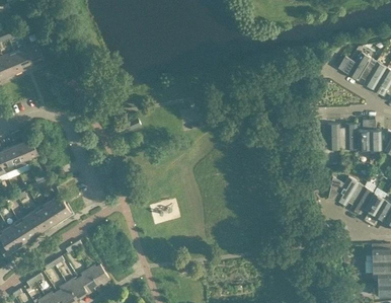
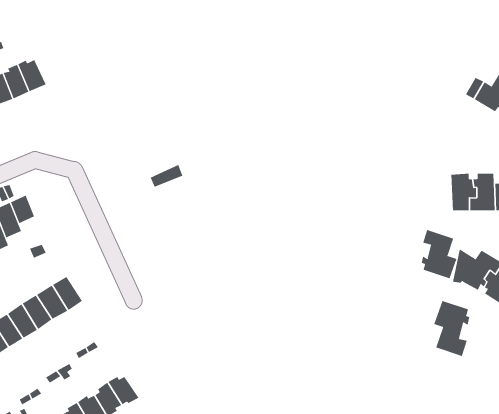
building: none -> [421,229,457,279]
building: none -> [434,300,470,357]

